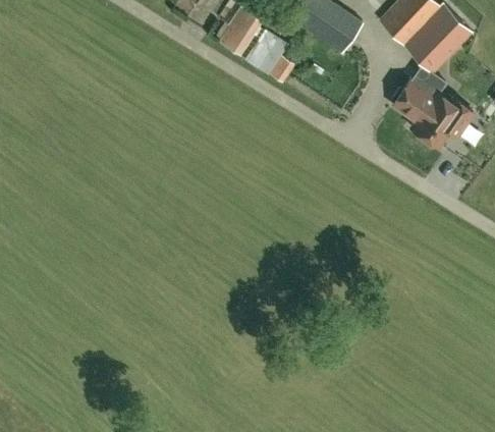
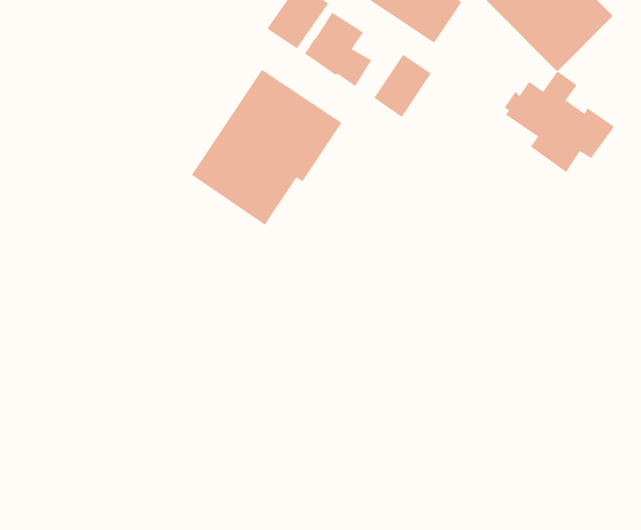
building: none -> [373,54,432,118]
building: none -> [191,70,342,226]

